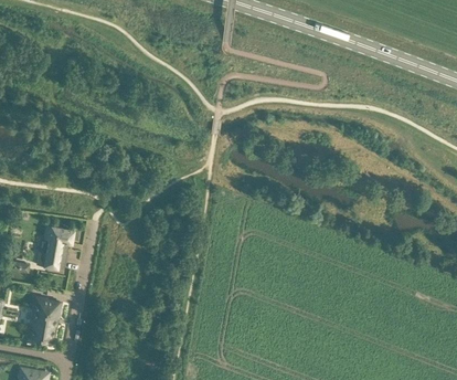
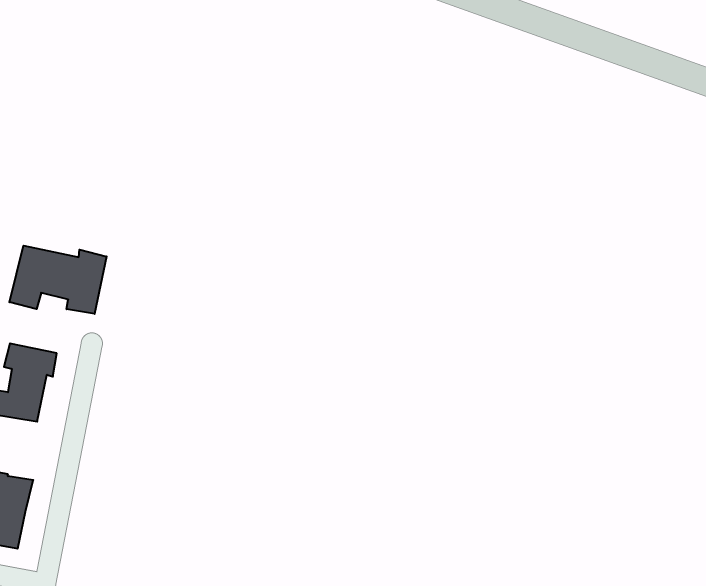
building: none -> [9,246,107,314]

